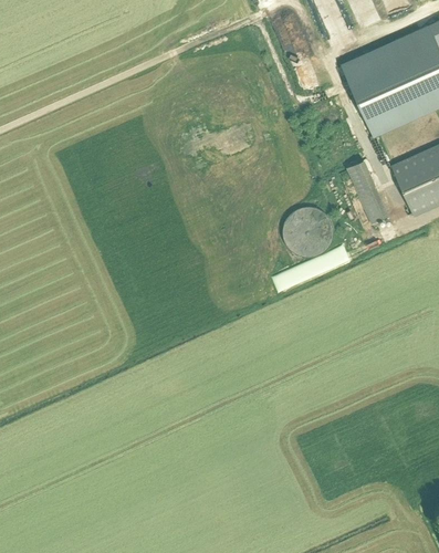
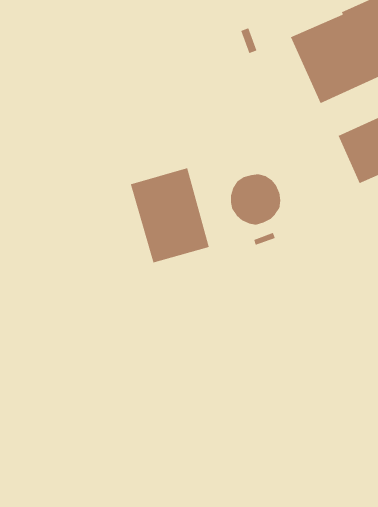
building: [346,160,387,225] -> none
building: none -> [130,167,210,264]

